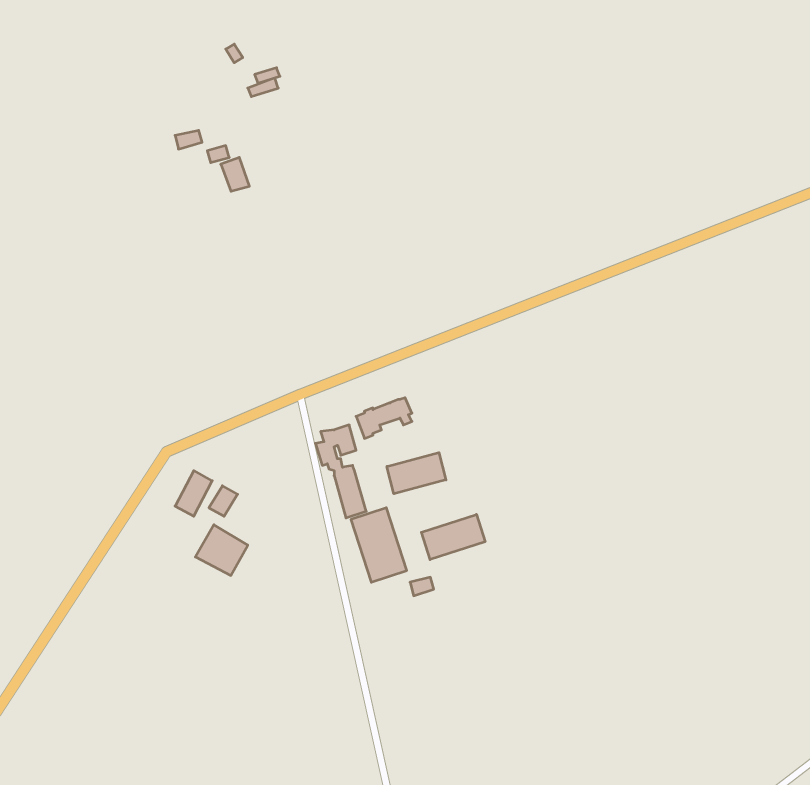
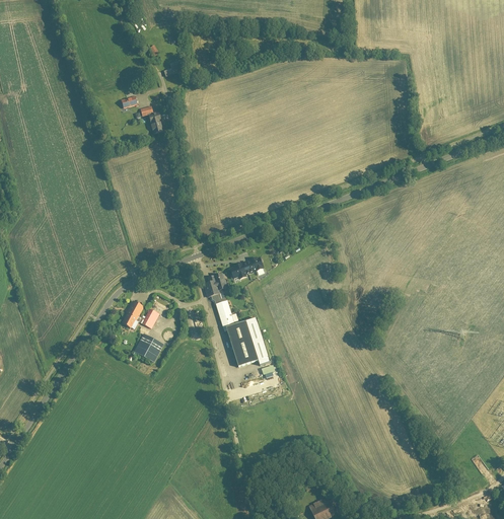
building: [387,453,446,494] -> none
building: [421,514,485,560] -> none

